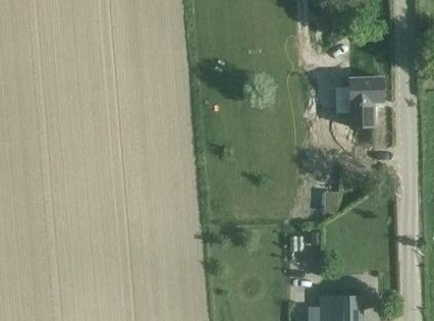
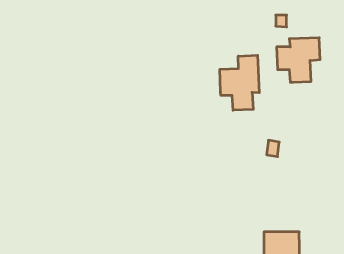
building: none -> [220,55,259,110]

